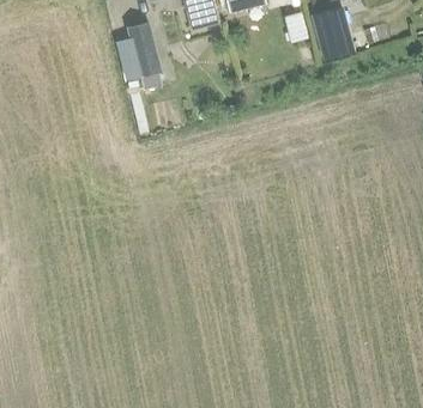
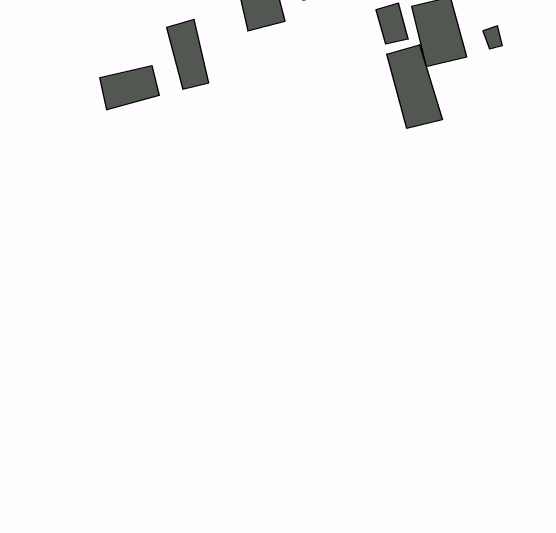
building: none -> [387,45,442,128]
building: none -> [100,66,159,110]

